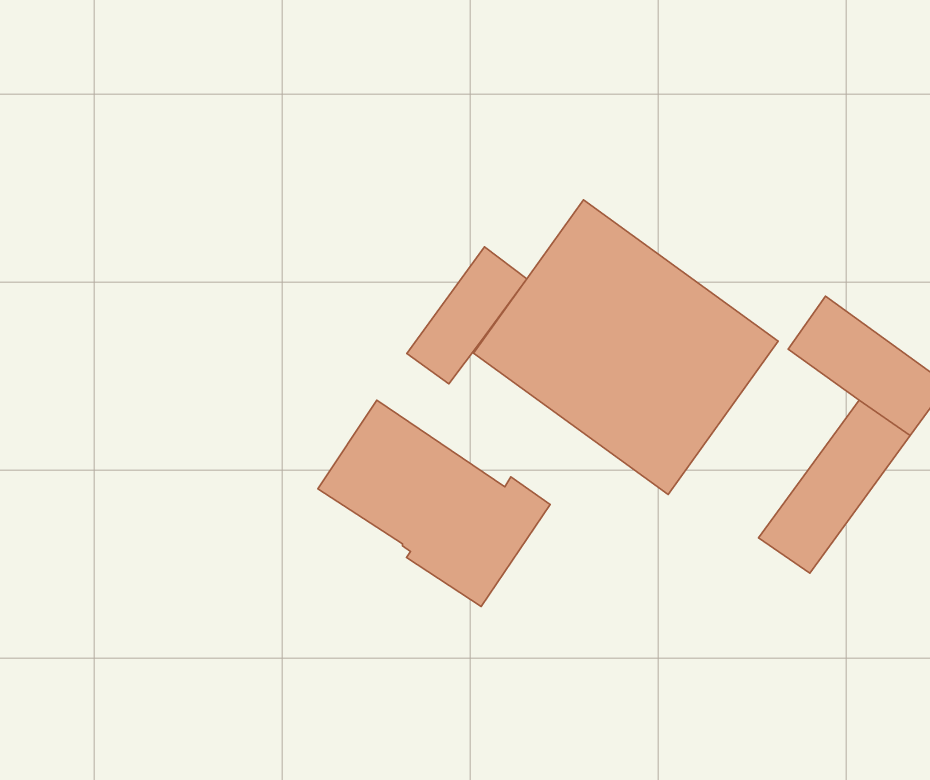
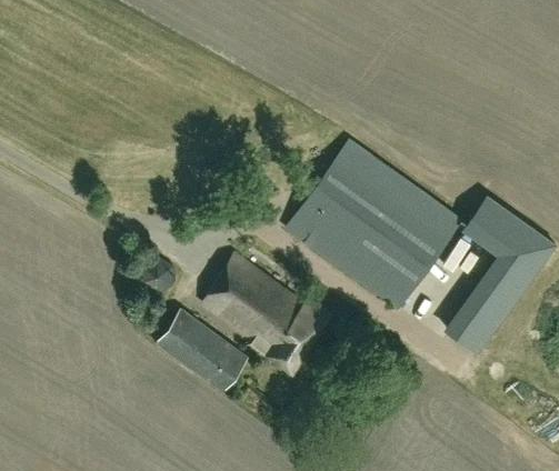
building: [407,247,527,384] -> none
building: none -> [157,309,248,391]

